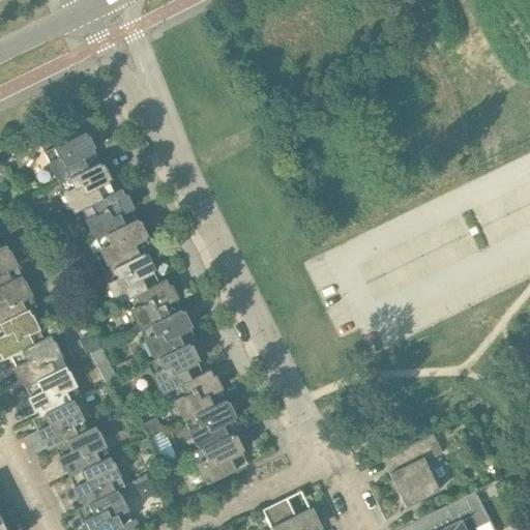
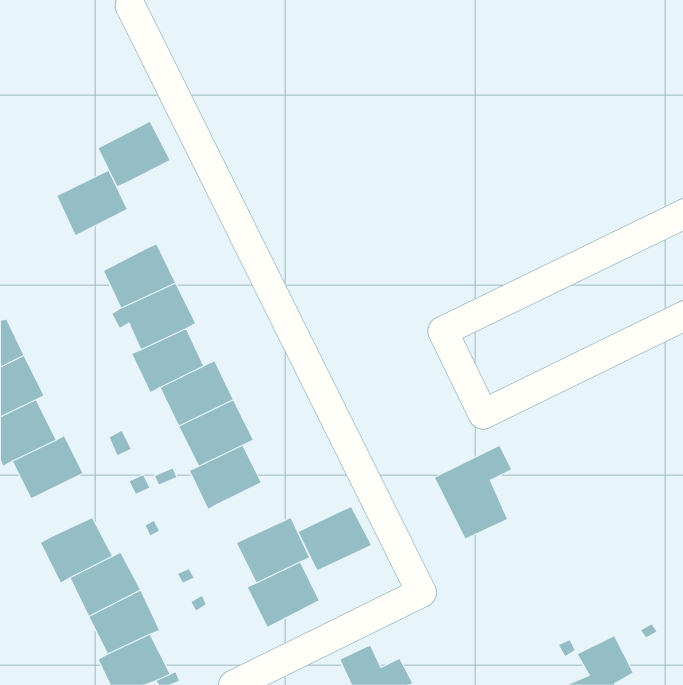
building: [60,161,116,212] -> [98,121,170,187]
building: [26,365,81,415] -> none
building: [170,370,227,419] -> [298,506,372,571]
building: [383,434,443,506] -> [434,445,512,539]

